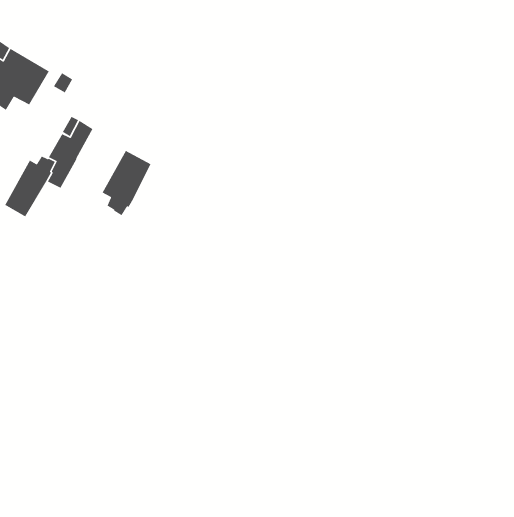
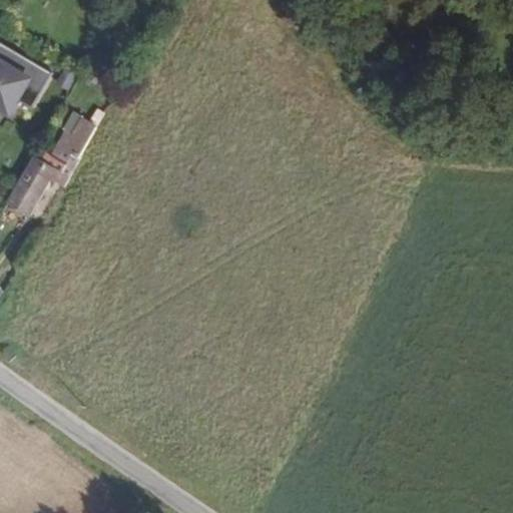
building: [102,150,151,216] -> none

